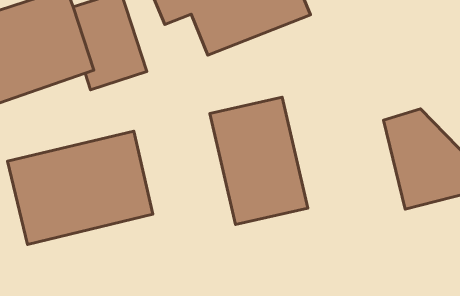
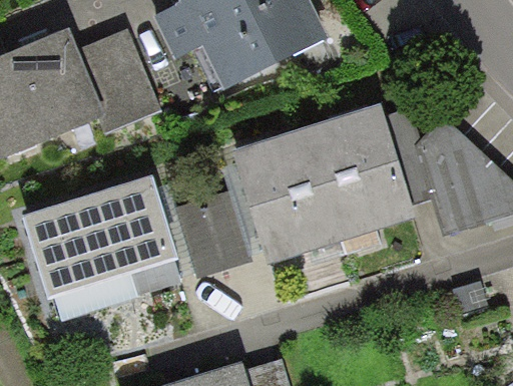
building: none -> [307,103,416,242]
building: none -> [175,190,250,277]

